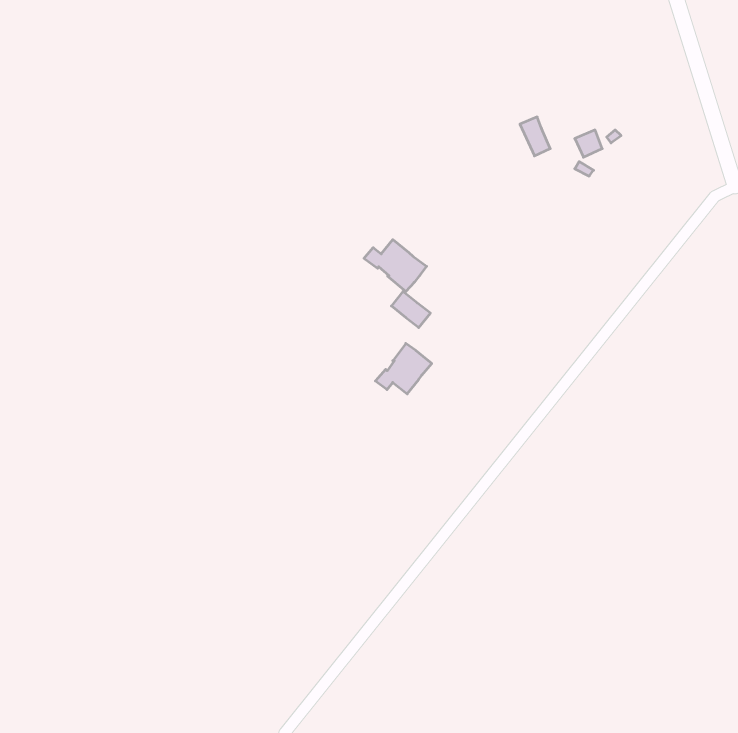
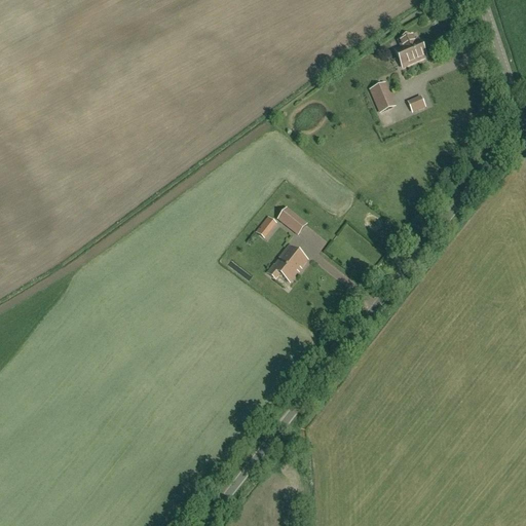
building: none -> [394,34,425,66]
building: [364,240,427,291] -> none

